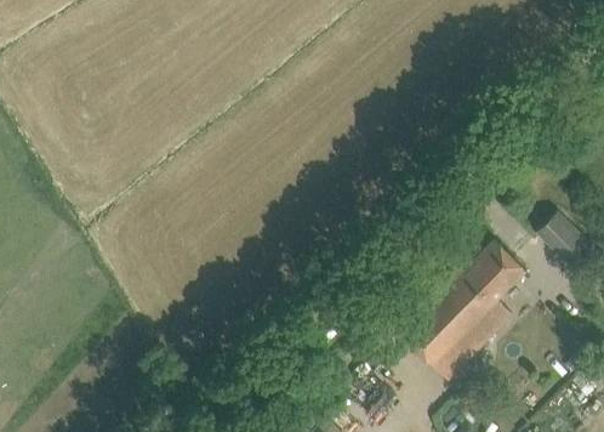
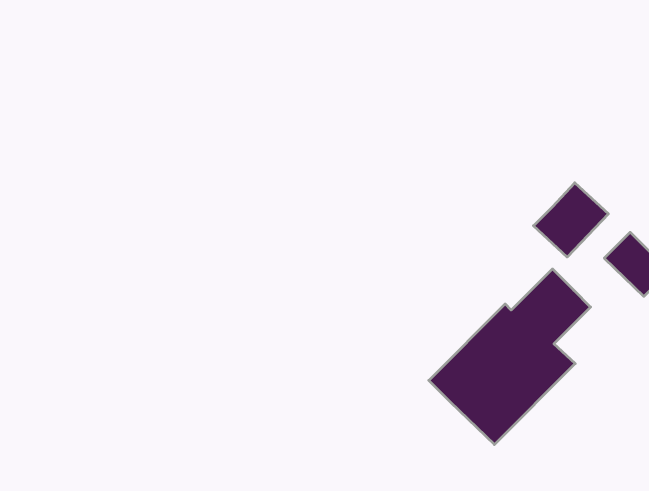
building: none -> [533,183,608,257]

